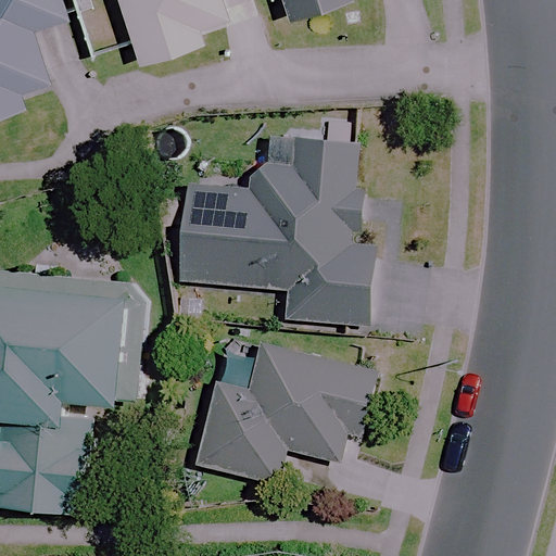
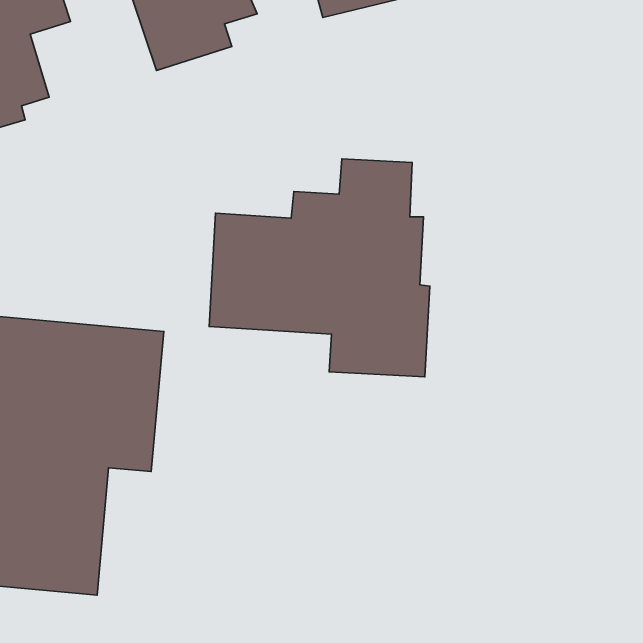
building: [190,345,378,482] -> none

